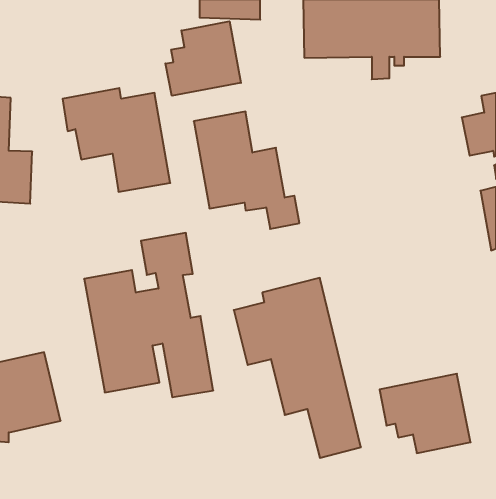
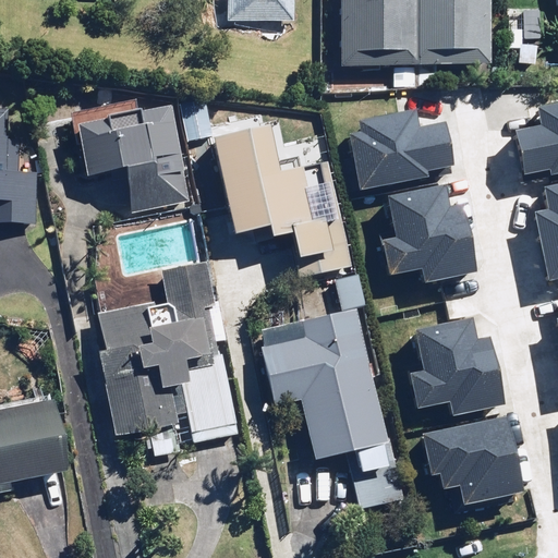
building: [165,21,241,96] -> none
building: none -> [340,107,458,193]
building: none -> [383,186,476,280]
building: none -> [409,317,508,414]

